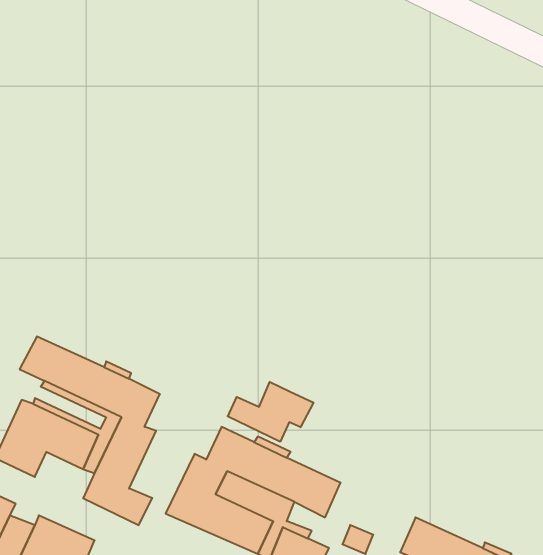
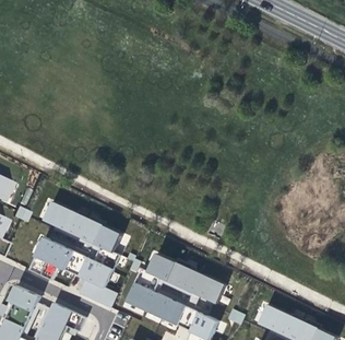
building: [228,382,313,442] -> none

